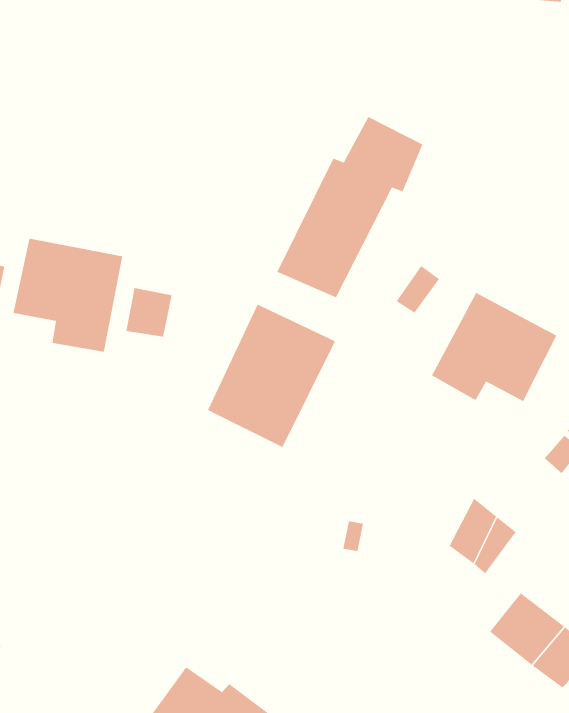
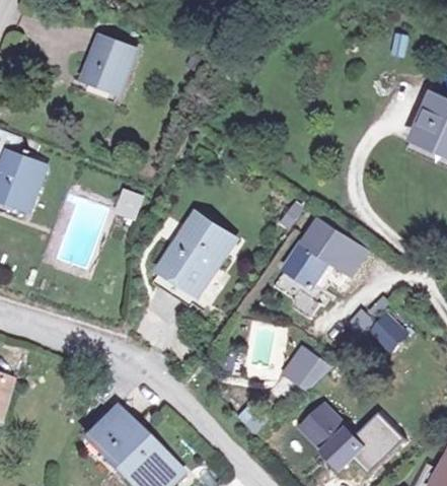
building: none -> [86,34,133,87]
building: [276,116,423,298] -> none
building: [13,238,123,352] -> none

